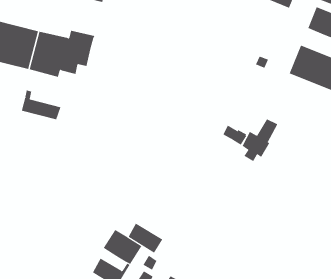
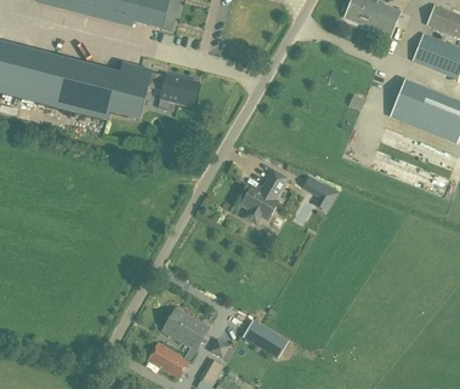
building: none -> [147,71,199,105]
building: [21,90,61,120] -> none
building: [242,118,278,162] -> [242,170,286,223]
building: [128,223,163,253] -> [244,320,288,357]

